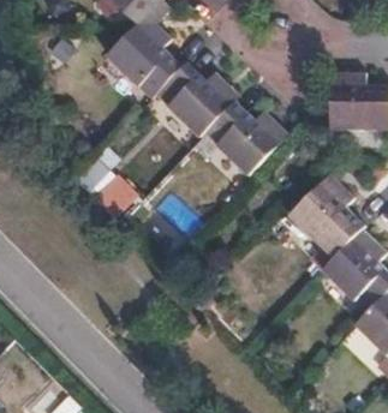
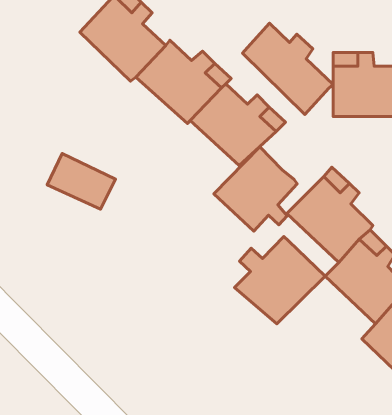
building: none -> [242,23,333,114]
building: none -> [214,147,297,231]
building: none -> [234,237,325,324]

